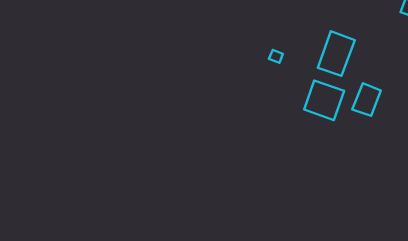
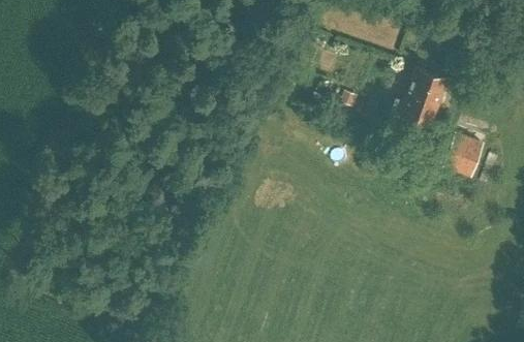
building: [304,81,344,120] -> none

